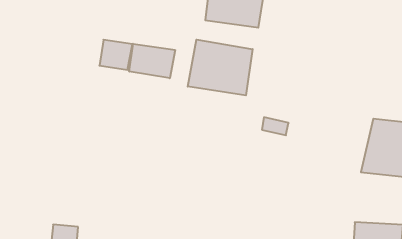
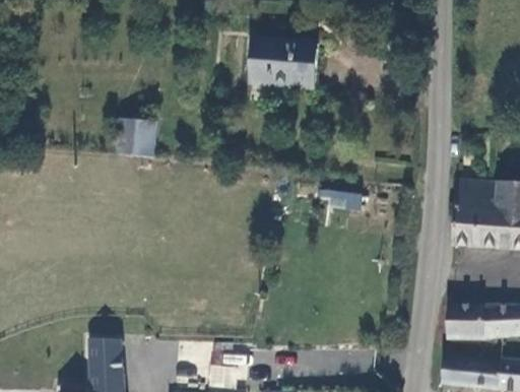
building: [188,40,253,95] -> none
building: [129,44,175,78] -> none

